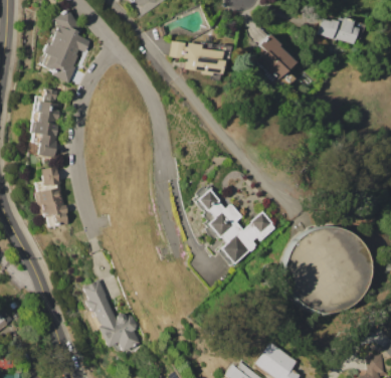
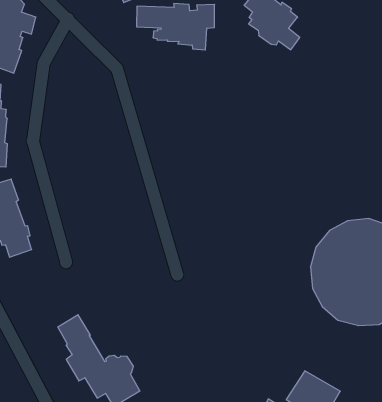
building: [194,185,275,263] -> none

